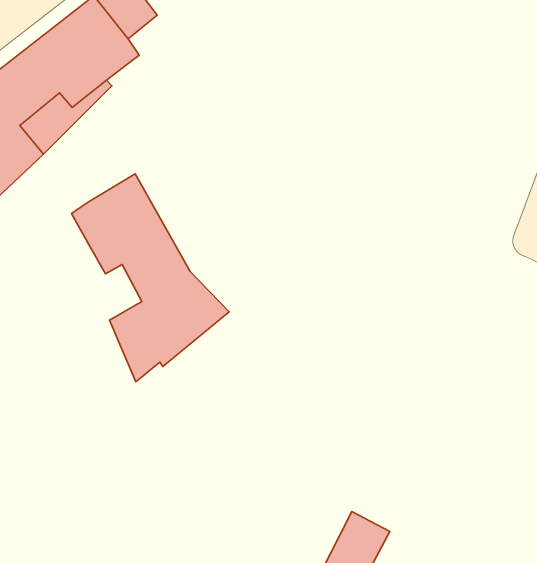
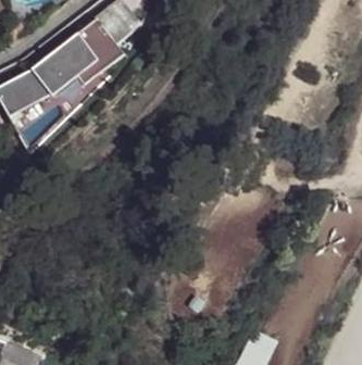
building: [71,174,229,382] -> none

